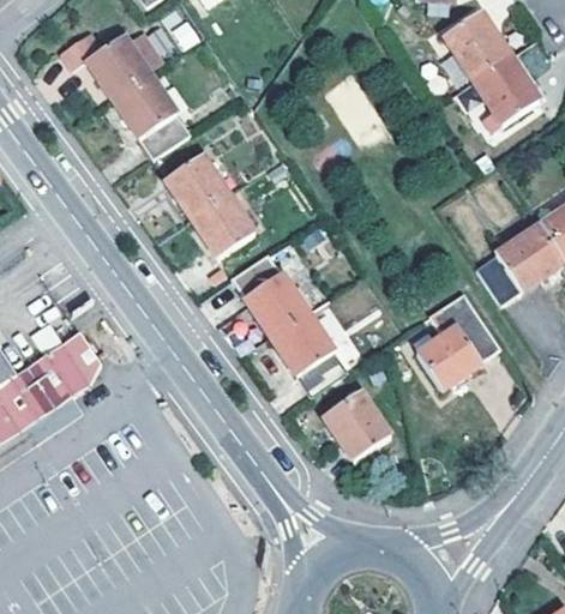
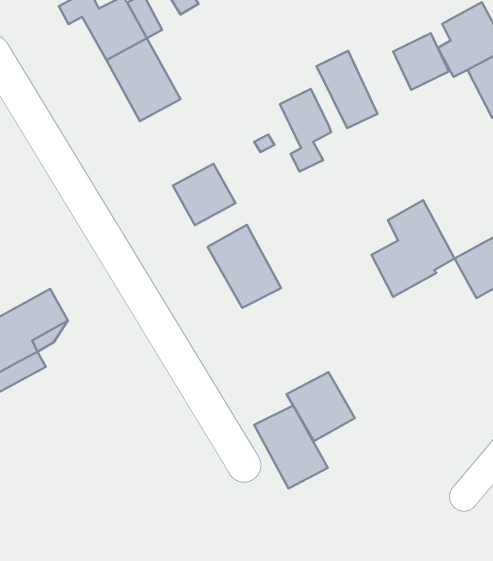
building: none -> [393,33,449,90]
building: none -> [280,89,331,172]
building: [164,154,229,218] -> none
building: [417,291,500,390] -> [371,200,455,297]
building: [270,311,347,393] -> [254,405,328,488]

